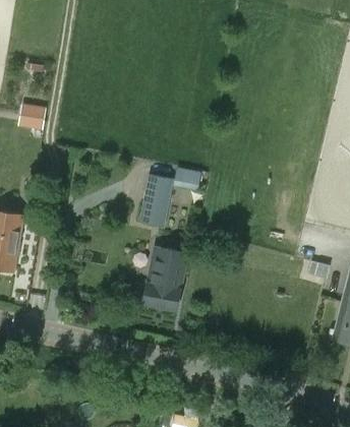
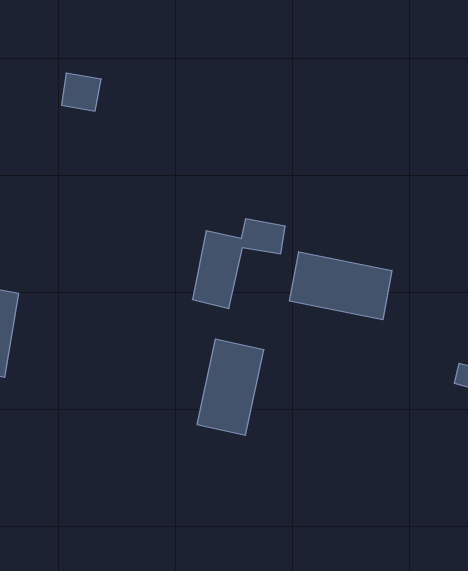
building: [20,105,47,130] -> [62,73,101,111]
building: none -> [290,252,392,320]

